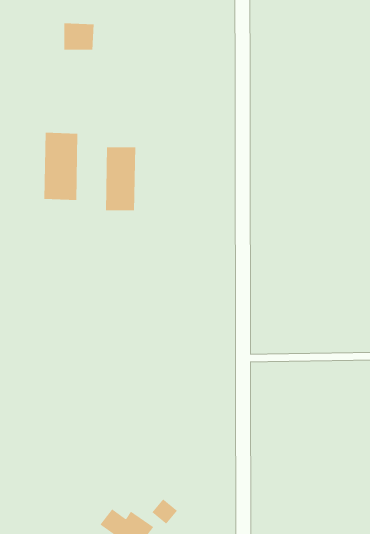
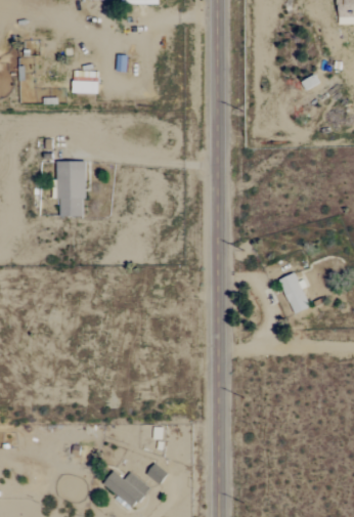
building: [105,146,136,211] -> none
building: none -> [280,273,309,313]

